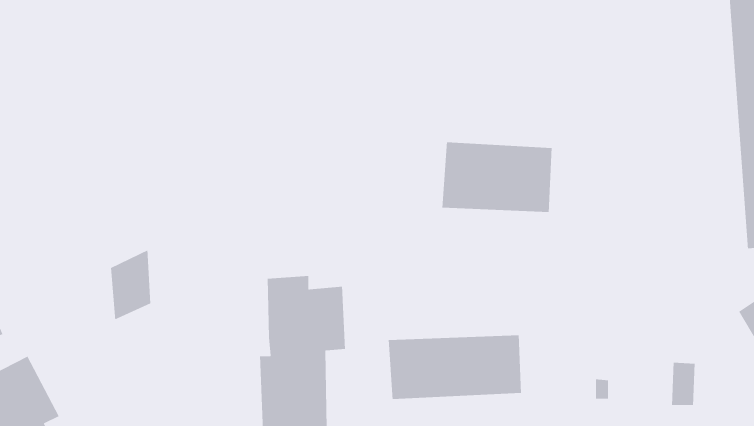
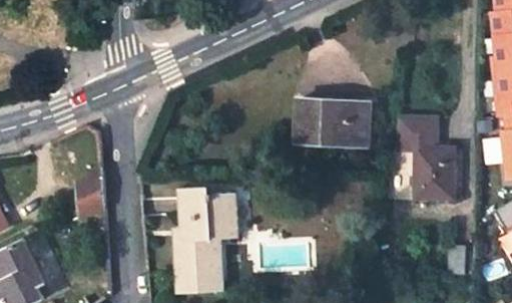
building: none -> [395,119,437,149]
building: none -> [416,149,455,199]
building: [388,335,522,400] -> none

